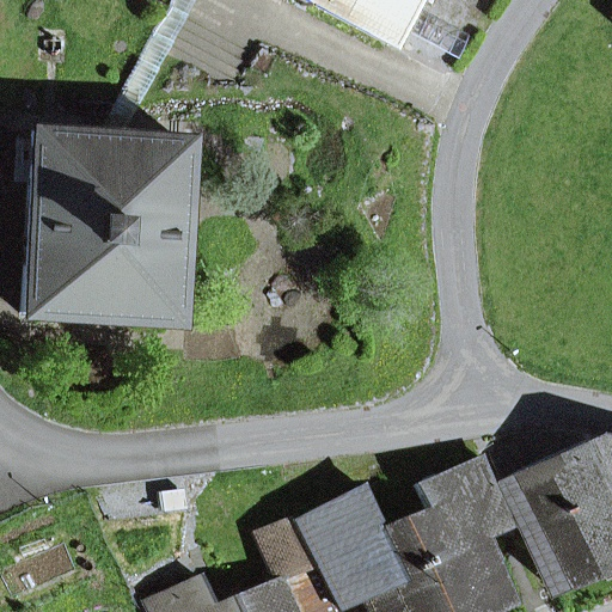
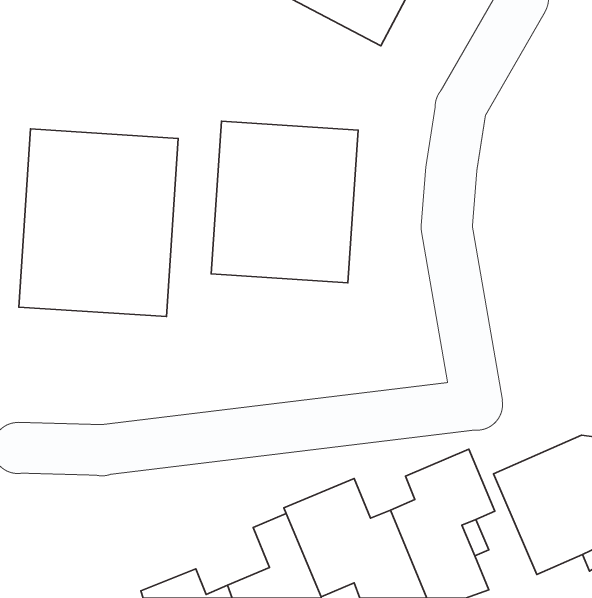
building: none -> [211,121,358,283]

